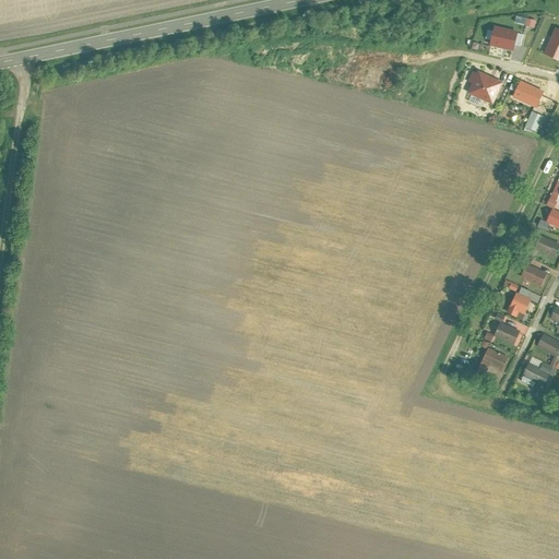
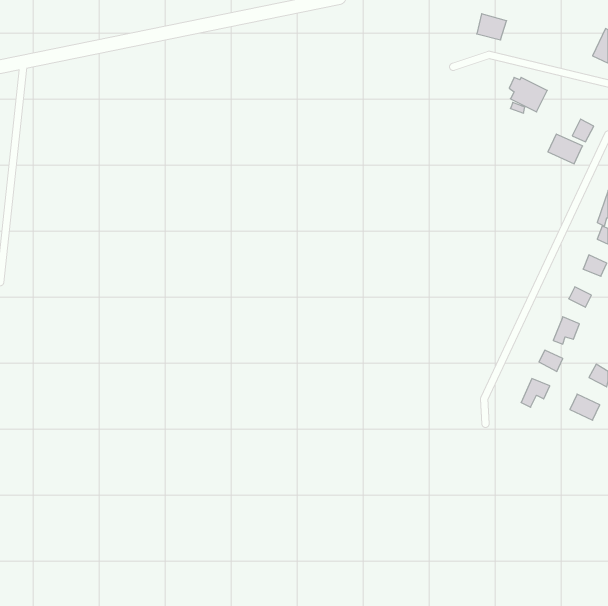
building: [490,25,518,49] -> [477,14,507,40]
building: [512,80,544,107] -> [548,134,583,164]

